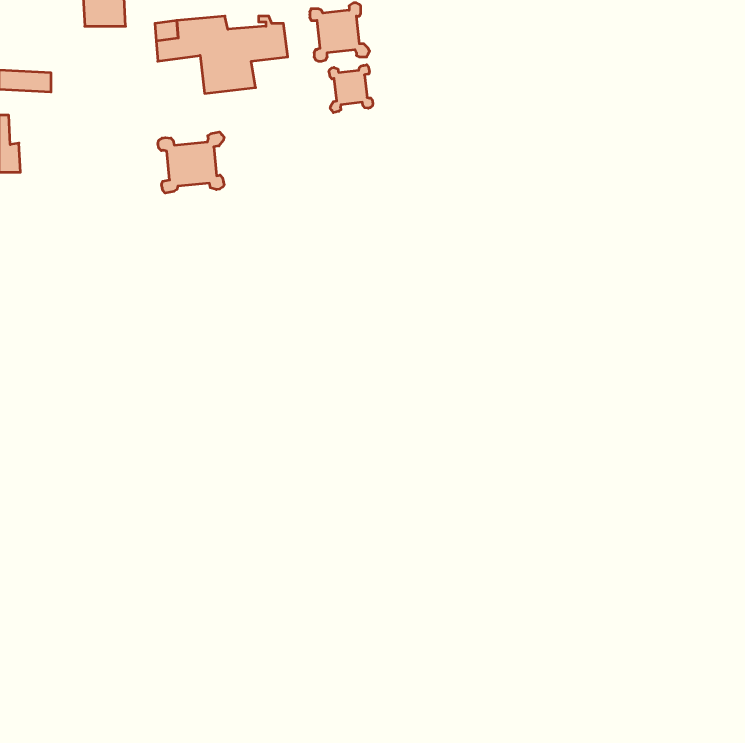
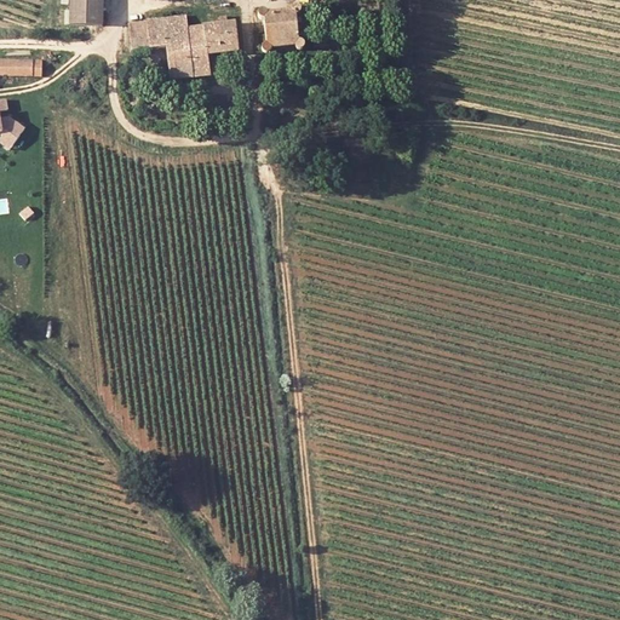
building: [329,65,373,113] -> none
building: [158,132,224,193] -> none

